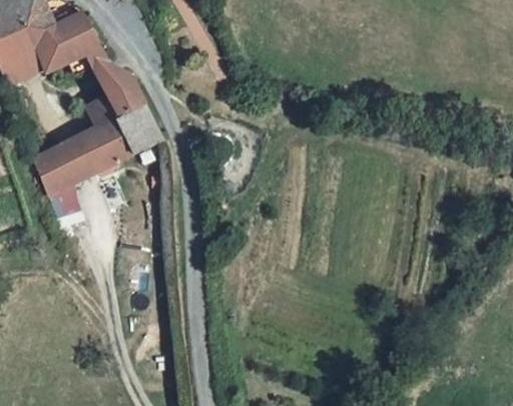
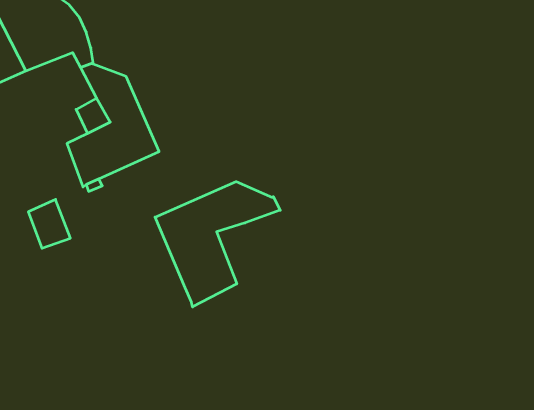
building: [32,134,94,194] -> none
building: none -> [155,182,280,307]

